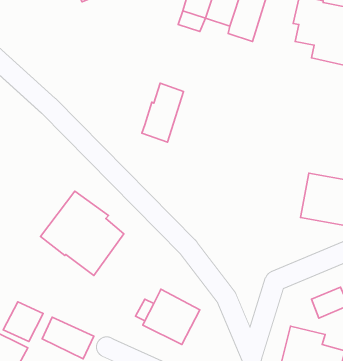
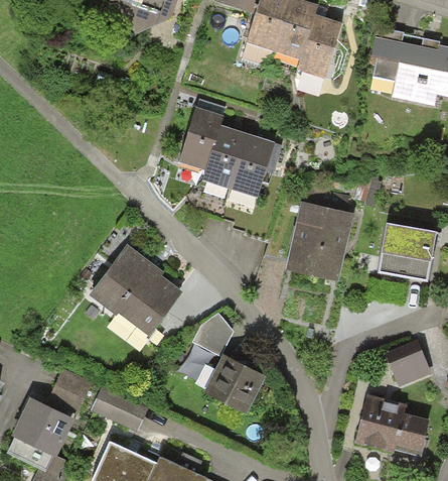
building: none -> [178,106,225,170]
building: none -> [230,133,274,198]
building: none -> [286,202,353,282]
building: none -> [191,313,233,355]

